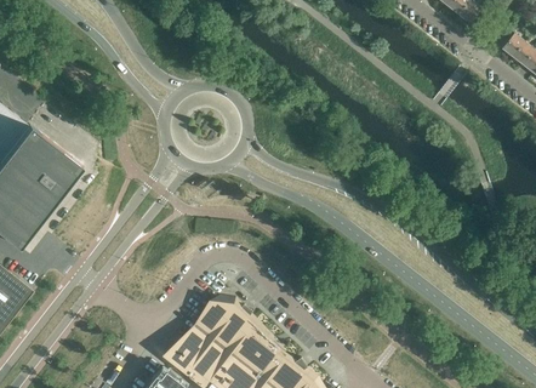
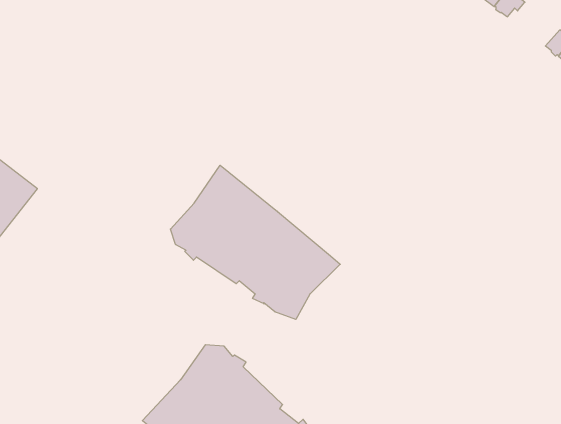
building: none -> [170,165,340,319]

